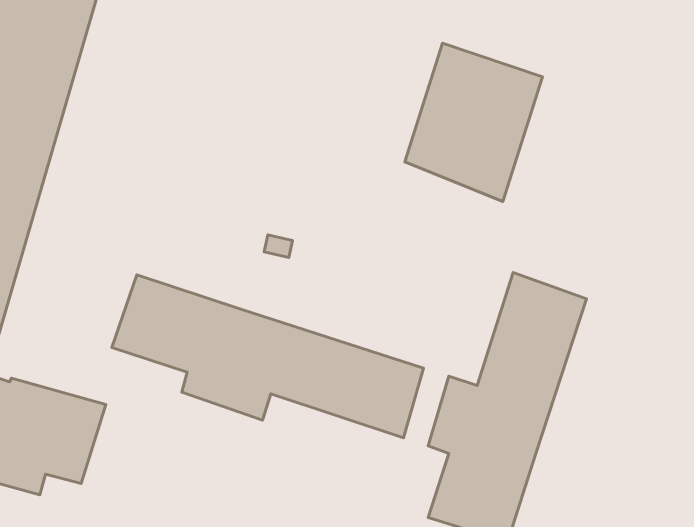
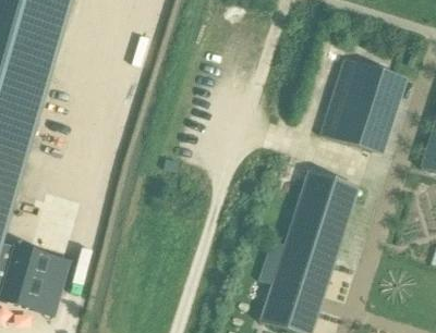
building: [405,43,542,201] -> [323,63,402,155]
building: [112,275,423,438] -> none

